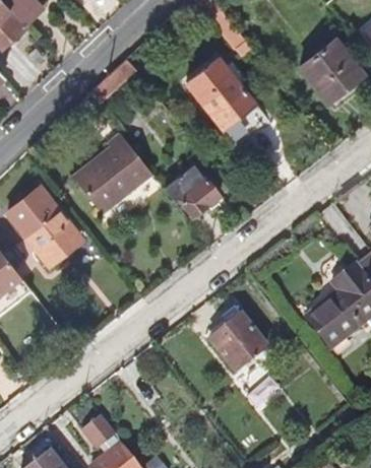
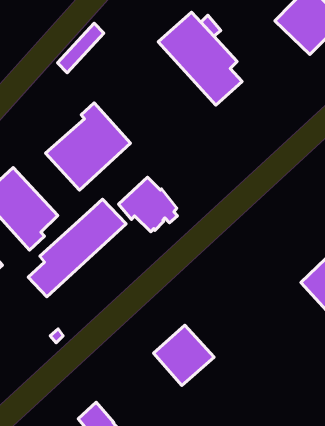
building: [165,164,220,216] -> [118,177,177,232]
building: none -> [28,199,126,297]
building: [209,314,266,371] -> [154,325,214,386]

